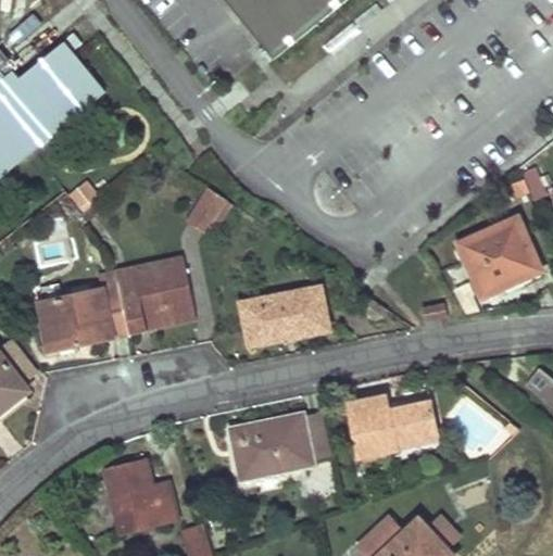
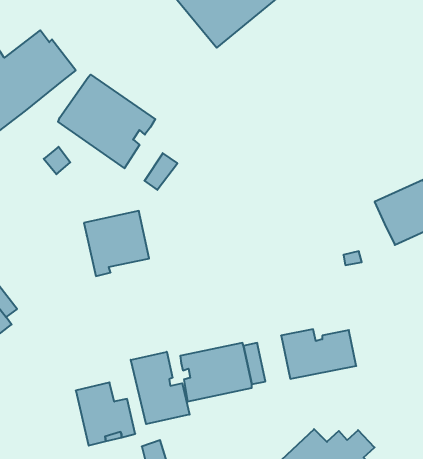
building: none -> [58,75,155,168]
building: [38,285,129,348] -> none
building: [240,287,327,343] -> none
building: none -> [131,352,190,424]

